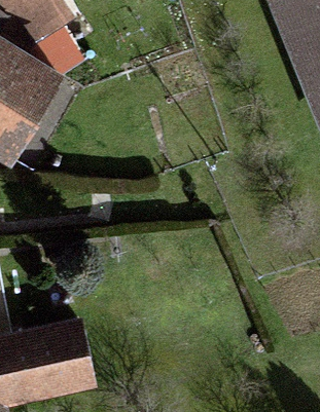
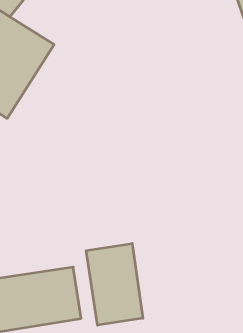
building: none -> [86,243,143,325]

